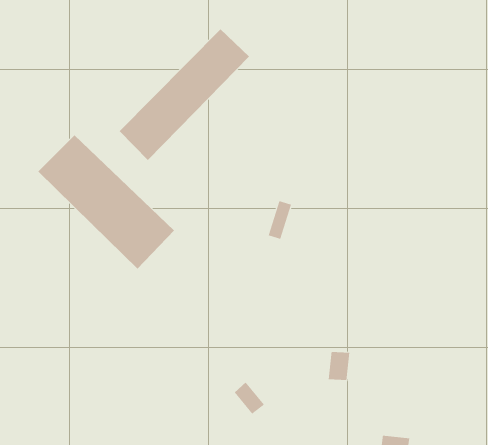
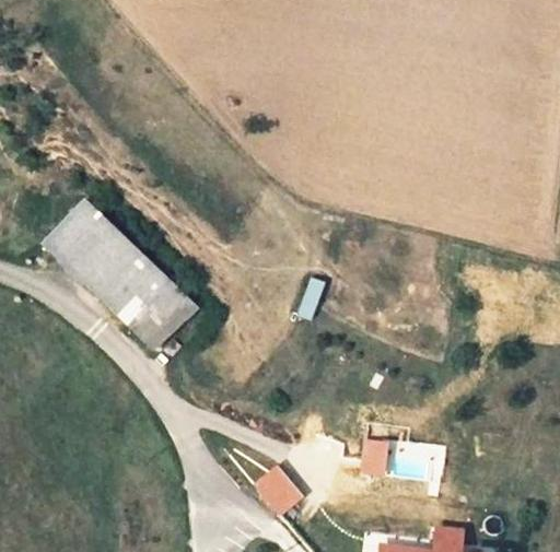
building: [119,29,250,161] -> none

